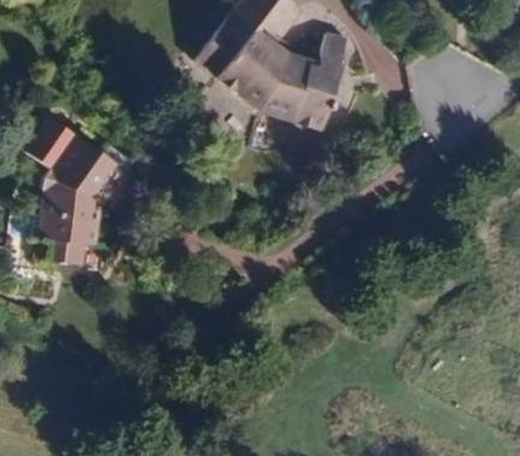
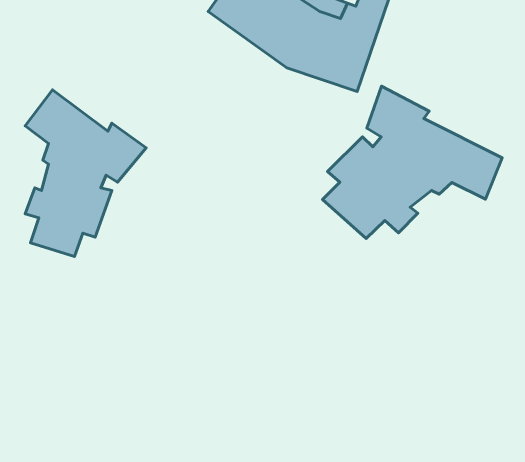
building: none -> [322,86,502,238]

